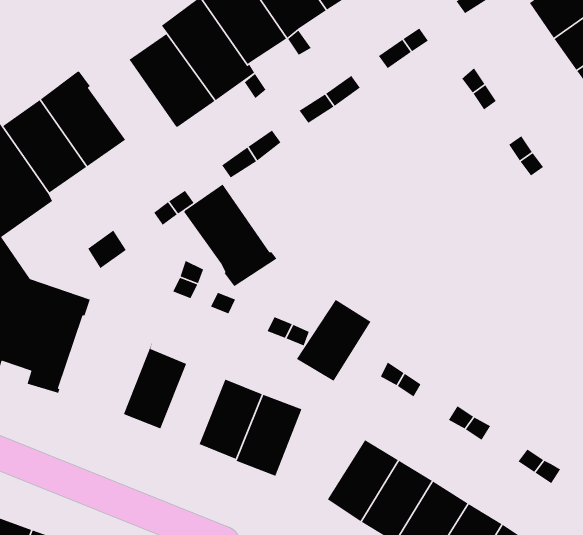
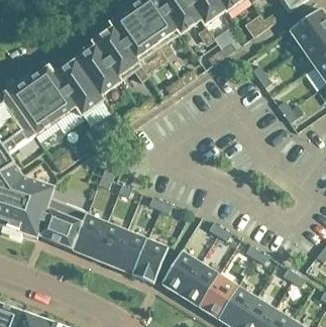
building: [183,183,278,287] -> [53,60,104,115]
building: [296,299,371,382] -> [160,250,201,295]
building: none -> [37,197,87,249]
building: none -> [92,222,126,265]

